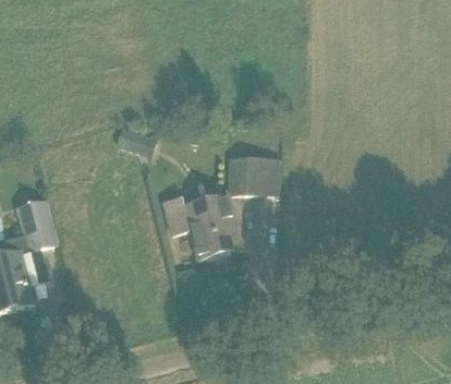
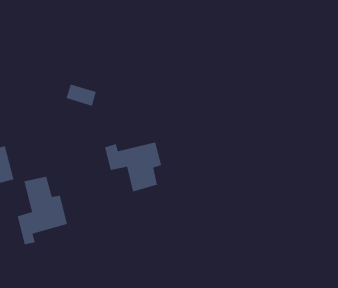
building: [229,155,281,193] -> none
building: none -> [17,176,68,245]

